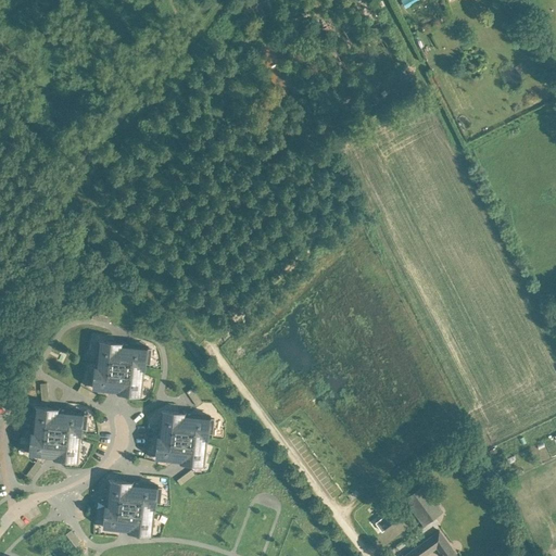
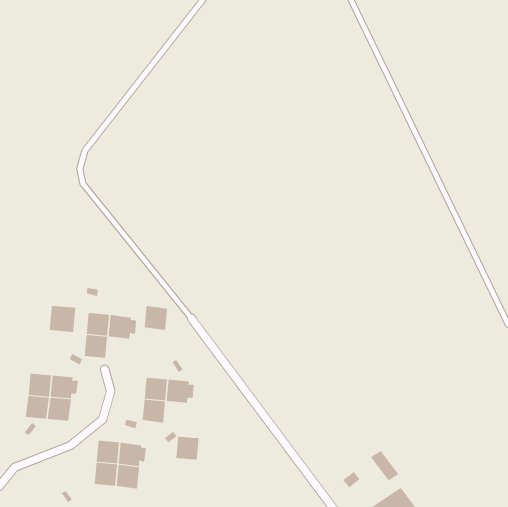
building: none -> [49,305,76,333]
building: [115,369,141,396] -> [144,306,168,331]
building: [178,440,204,466] -> [176,436,200,460]

